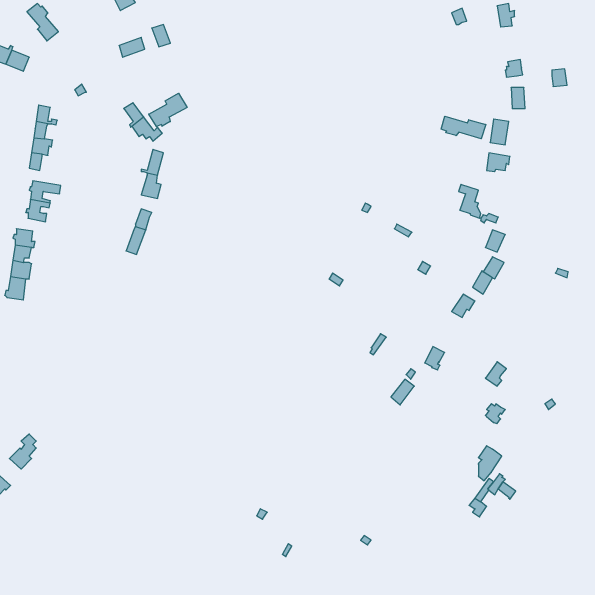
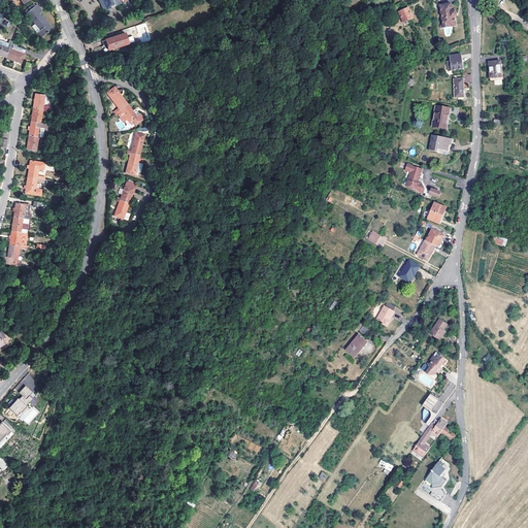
building: [149,93,187,127] -> none
building: [441,116,486,139] -> none
building: none -> [426,461,446,499]

